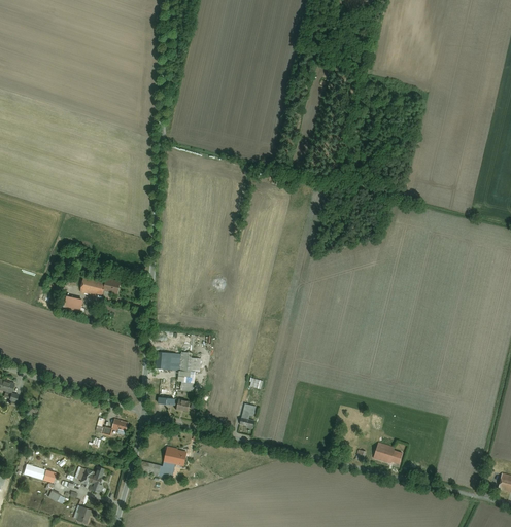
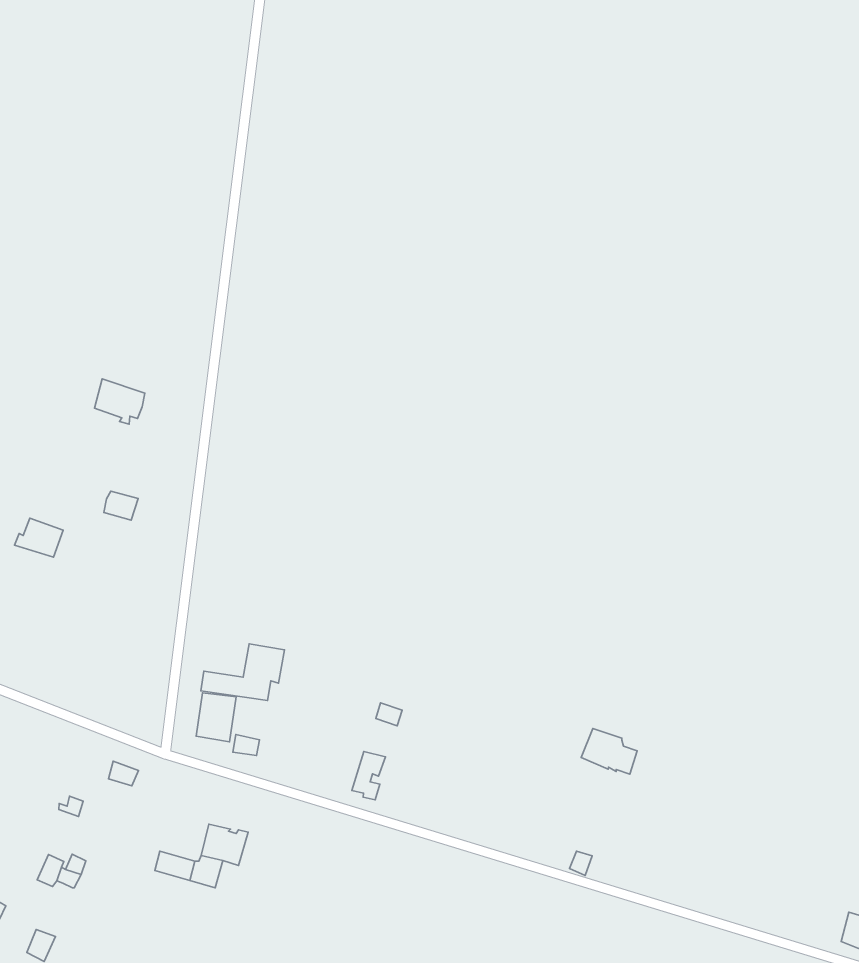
building: [77,275,103,297] -> [94,379,145,424]
building: [372,443,401,465] -> [581,728,637,774]

